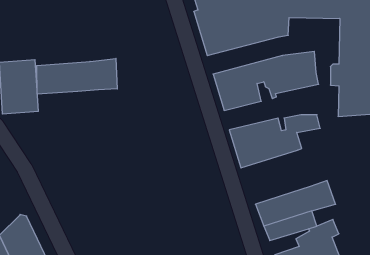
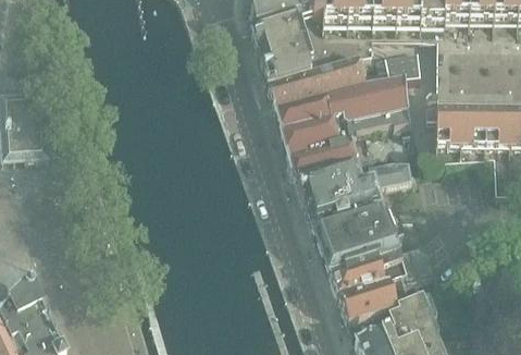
building: none -> [270,54,423,113]
building: [37,58,117,94] -> none
building: none -> [291,145,361,185]
building: none -> [313,211,405,281]

